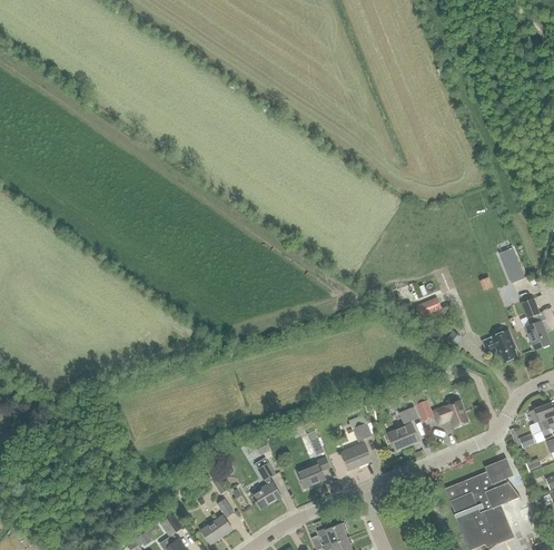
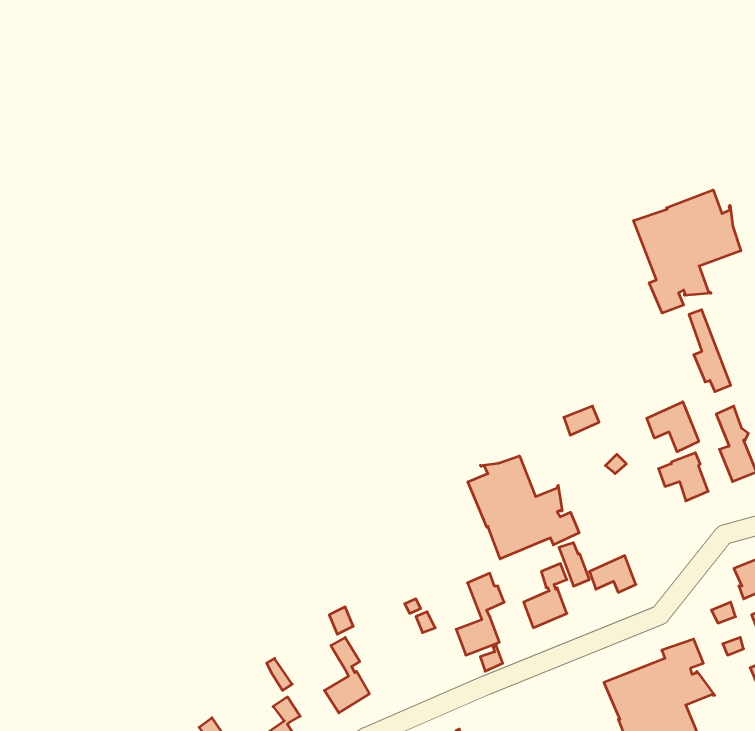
building: none -> [634,190,741,313]
building: none -> [647,402,699,452]
building: none -> [468,456,579,559]
building: [297,456,329,488] -> none

